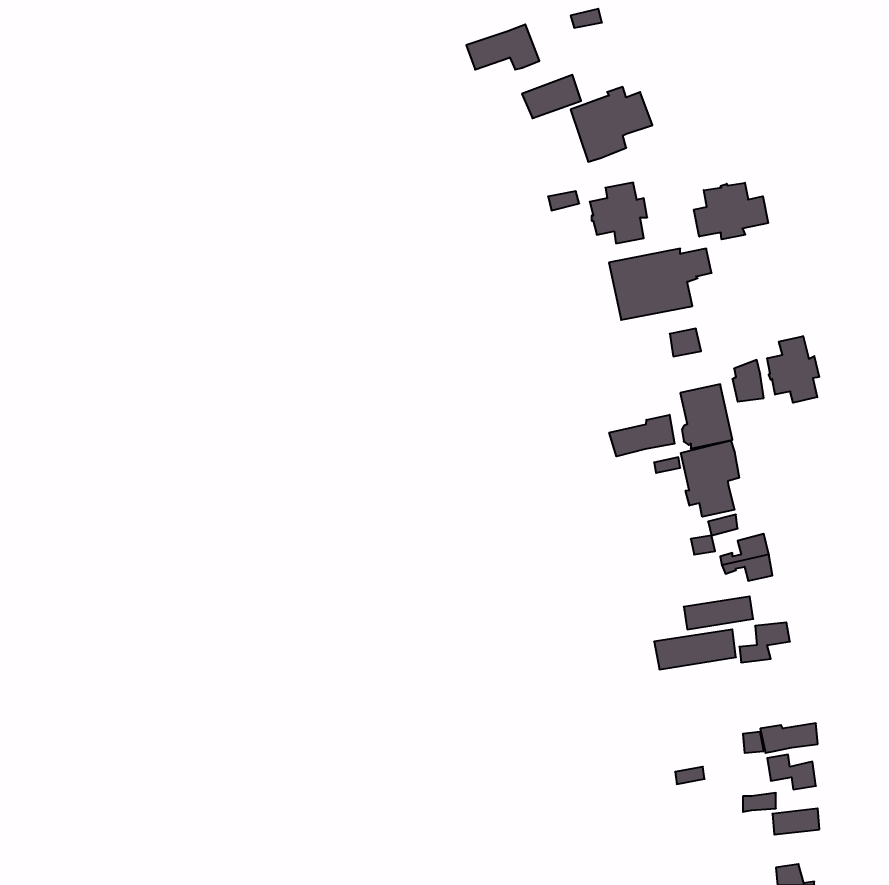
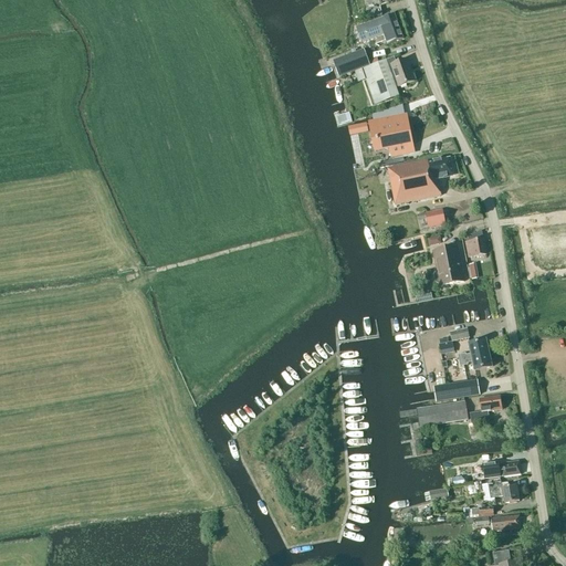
building: [466,24,539,70] -> [356,13,402,42]
building: [694,183,768,239] -> none
building: [767,336,819,403] -> none
building: [609,415,675,456] -> none
building: [681,440,739,517] -> none

